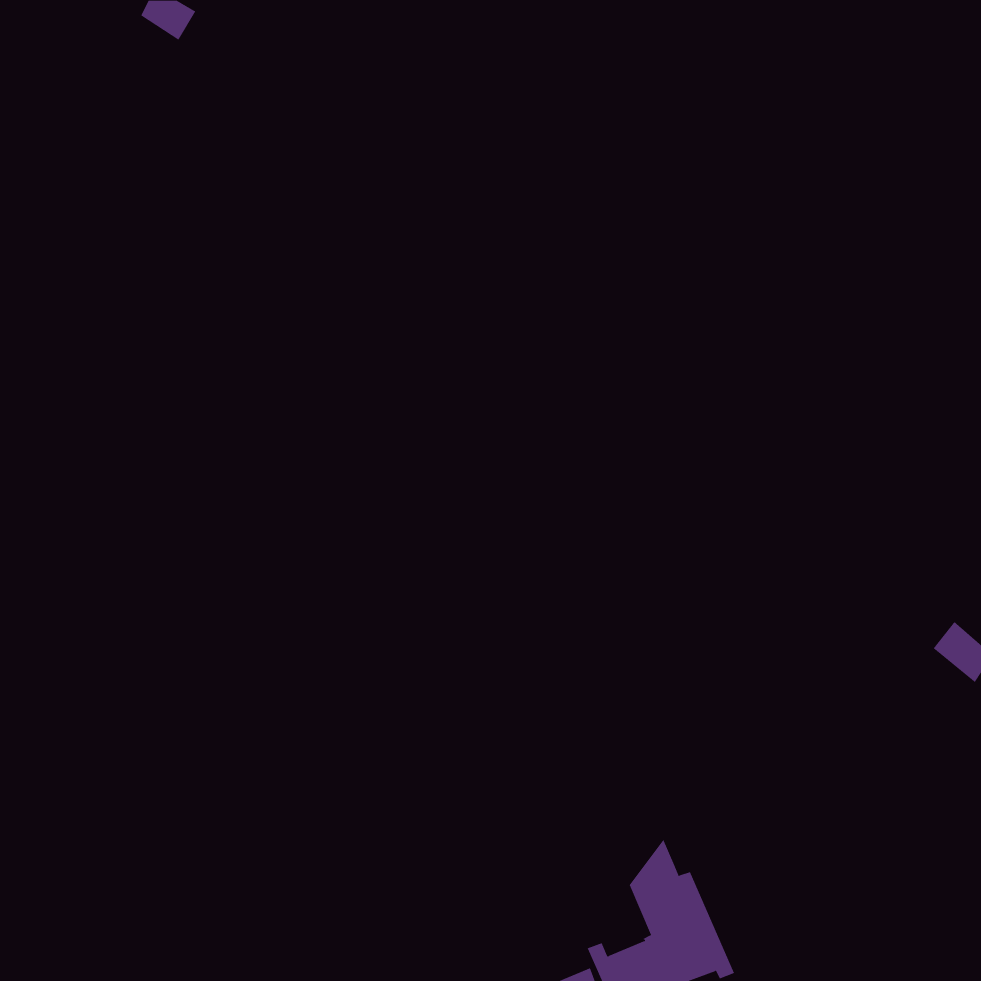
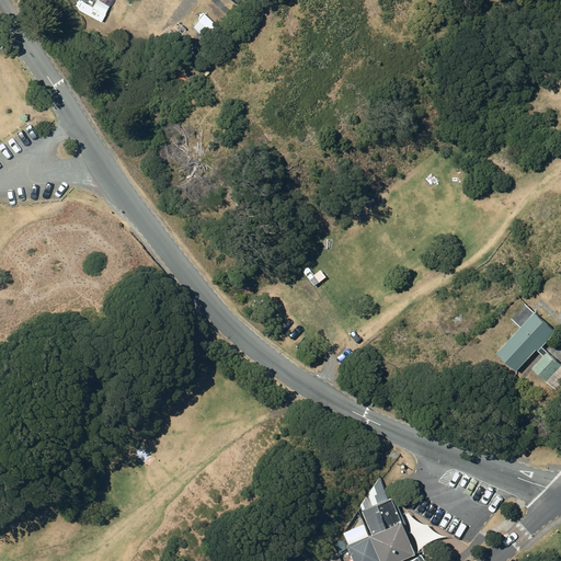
building: none -> [495,307,556,374]

